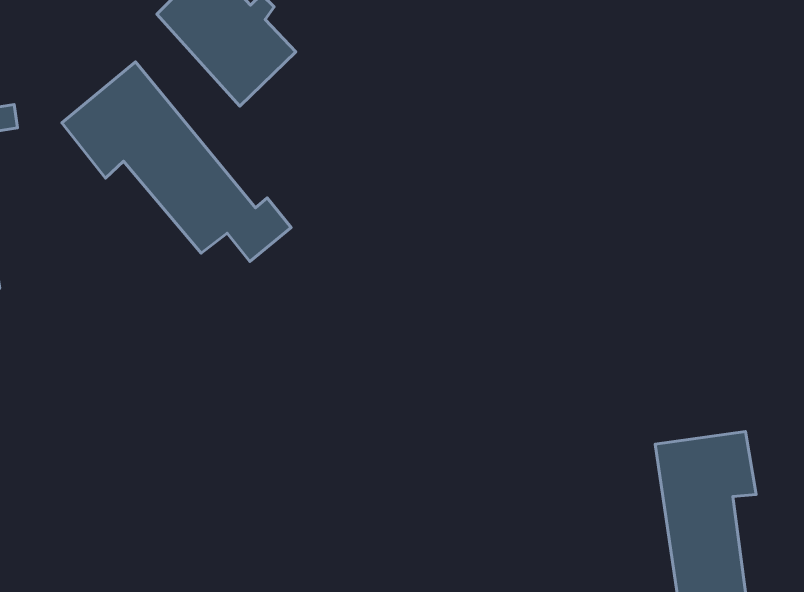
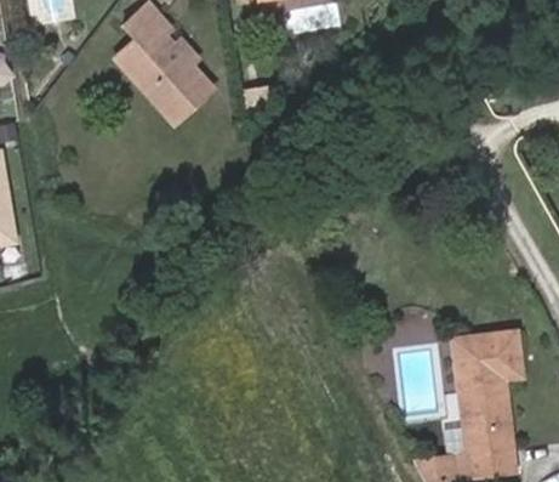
building: [62,62,291,262] -> none

